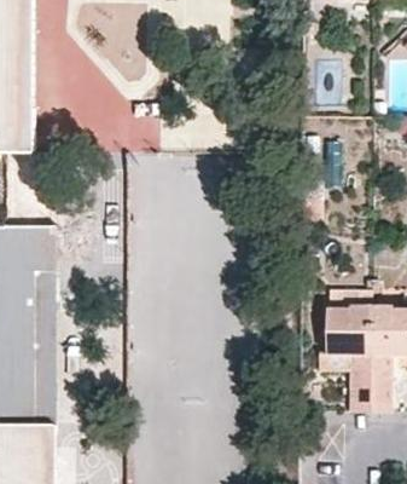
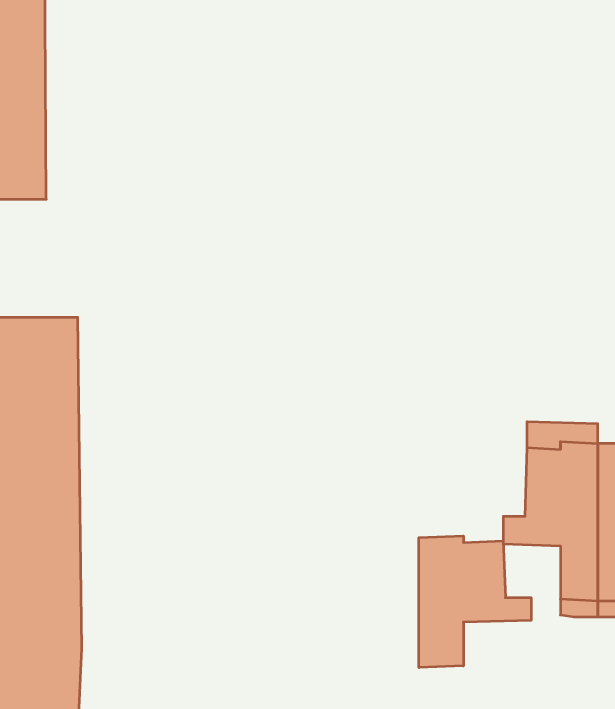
building: none -> [419,536,531,668]

